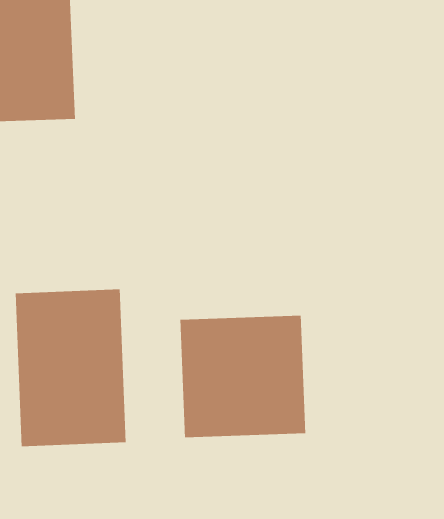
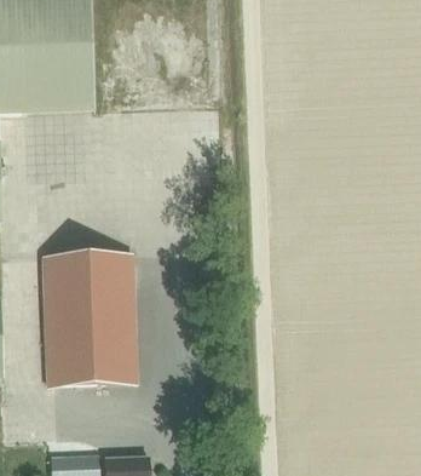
building: [180,315,306,438] -> none

